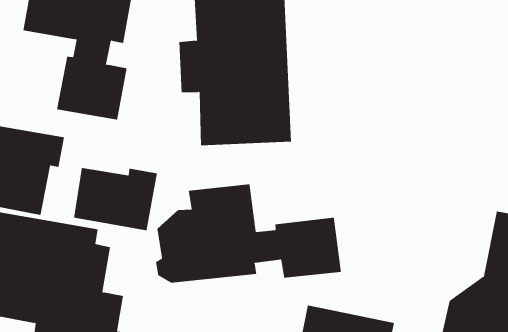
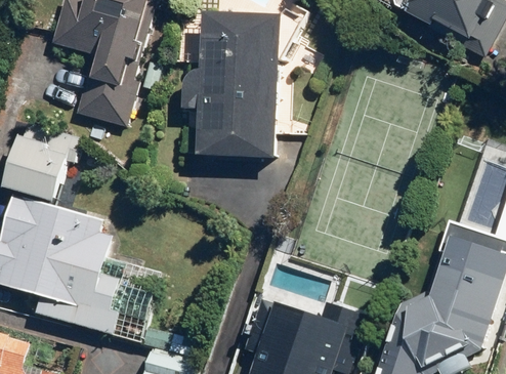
building: [74,167,157,231] -> none
building: [156,184,341,284] -> none

